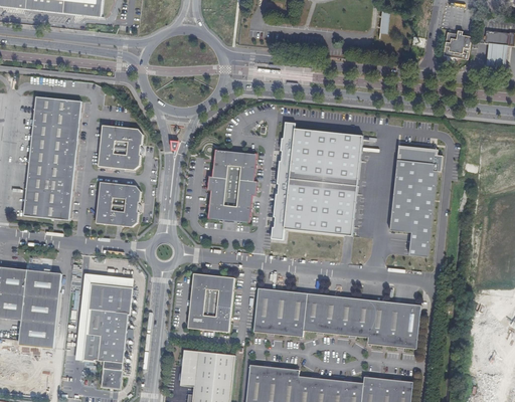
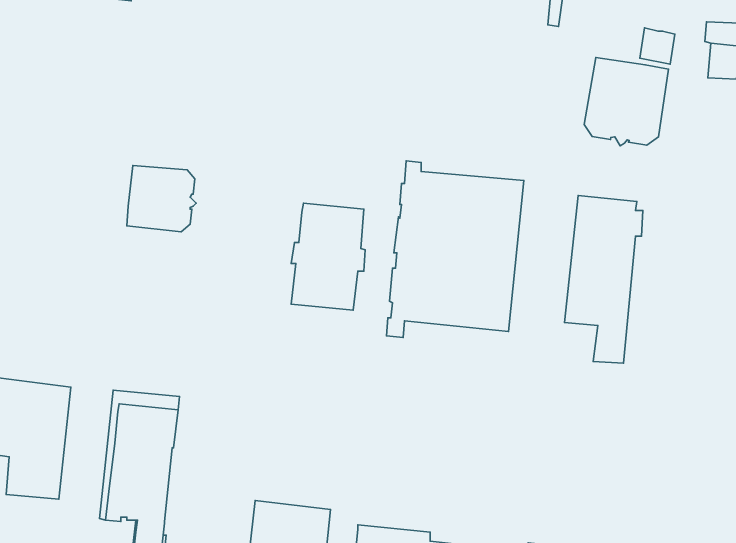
building: none -> [584,58,669,146]
building: [23,96,80,219] -> none
building: [95,181,141,226] -> none
building: [187,272,233,332] -> none
building: [254,287,421,348] -> none

